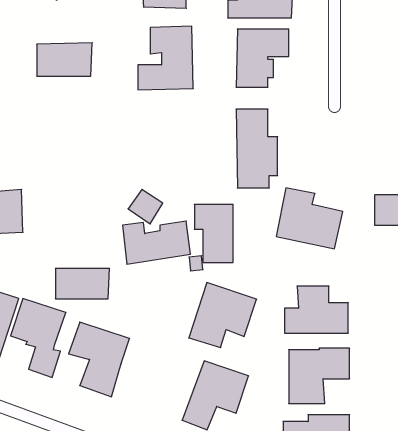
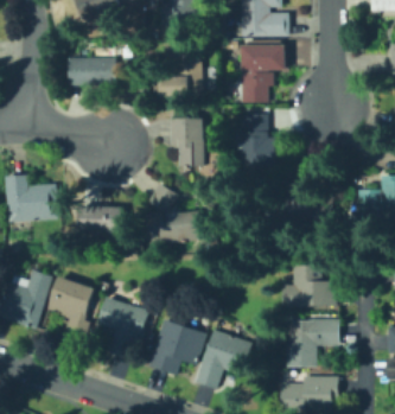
building: [194,204,233,262] -> [171,117,204,167]
building: [55,268,109,299] -> [76,206,122,233]
building: [189,283,257,348] -> [148,319,206,375]

